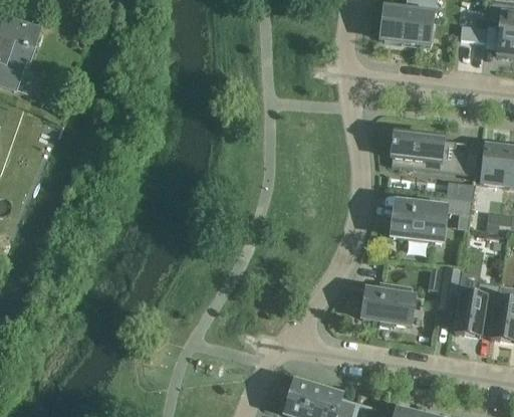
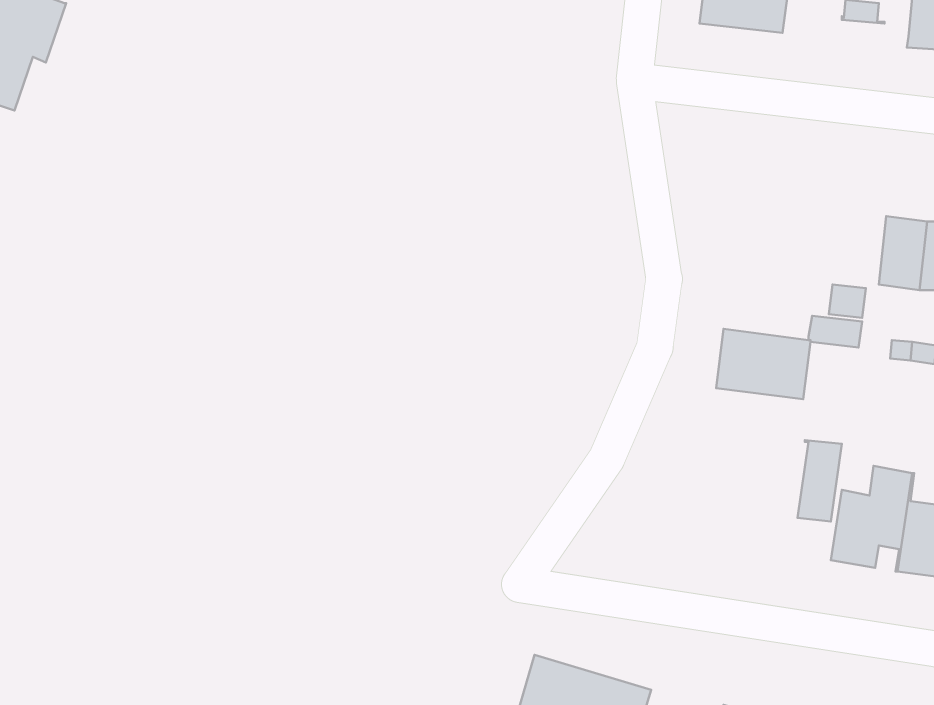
building: [392,134,479,175] -> none
building: [361,281,414,325] -> none

